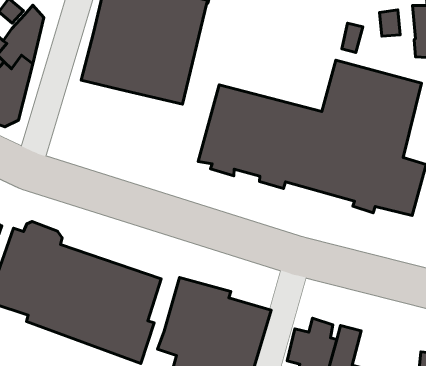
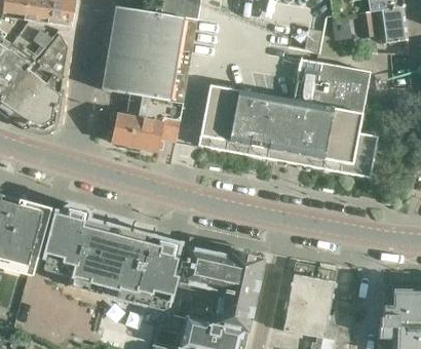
building: none -> [112,94,183,150]

